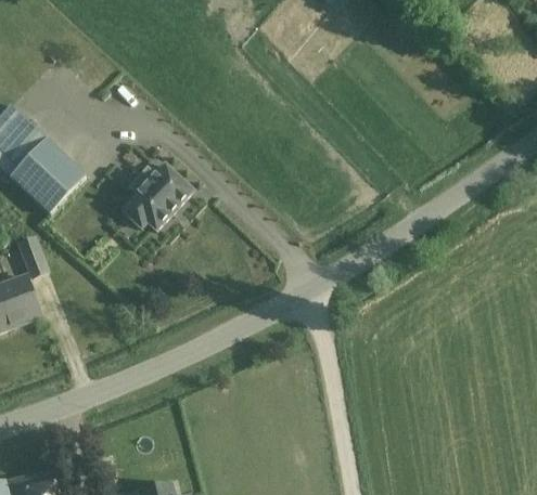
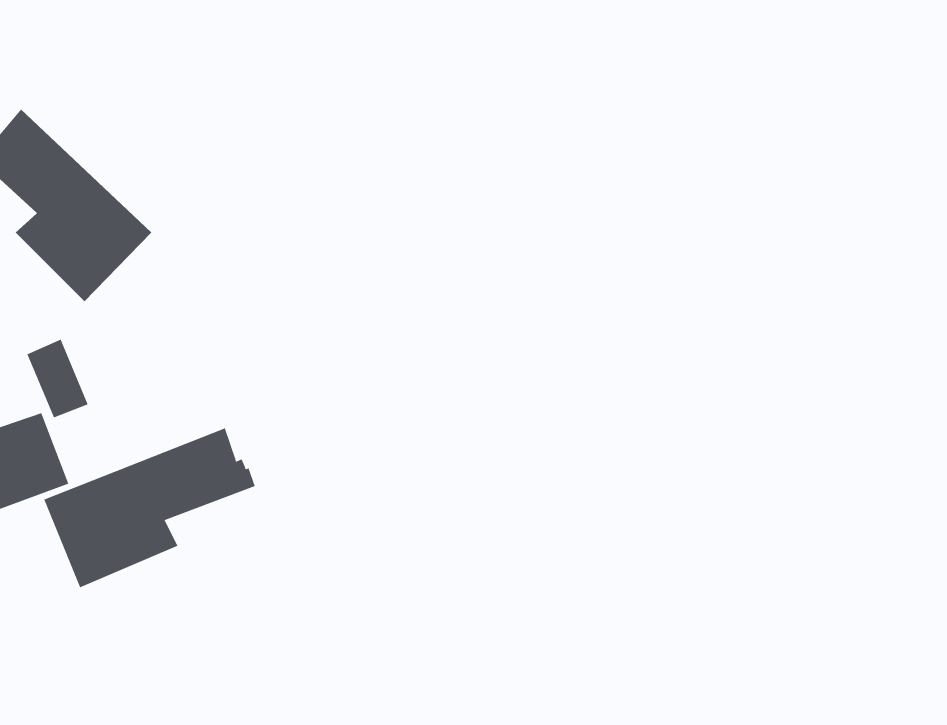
building: [122,164,193,230] -> none
building: none -> [43,427,256,588]

